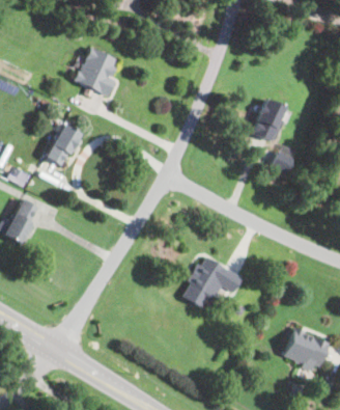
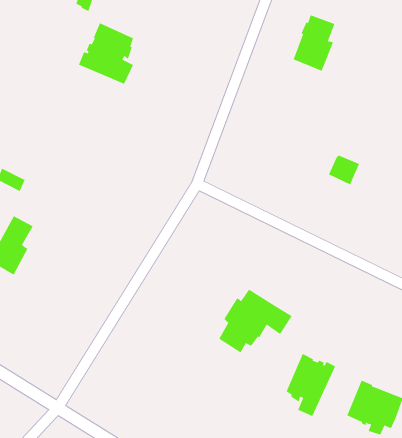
building: [252,99,285,143] -> [293,14,335,71]
building: [46,125,81,165] -> none
building: none -> [286,353,336,417]

